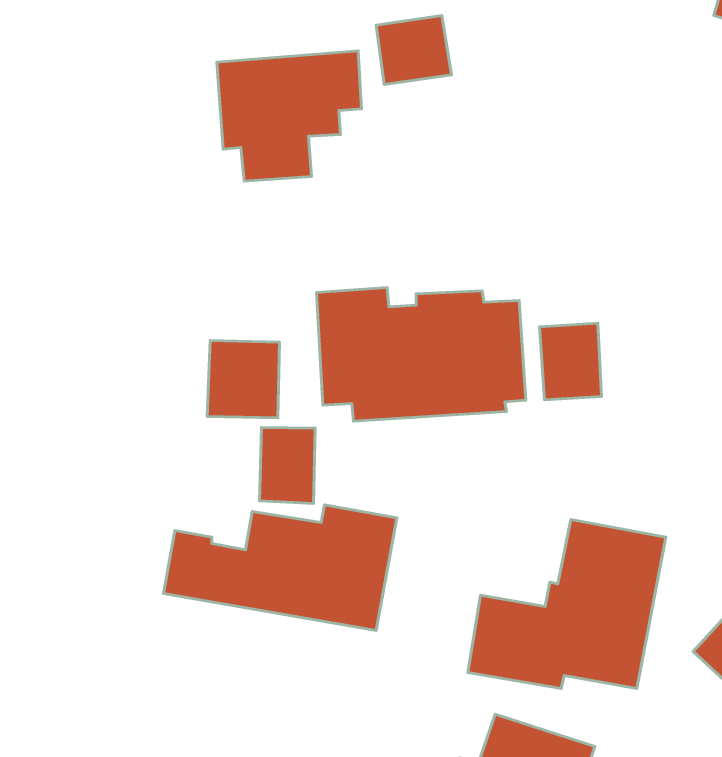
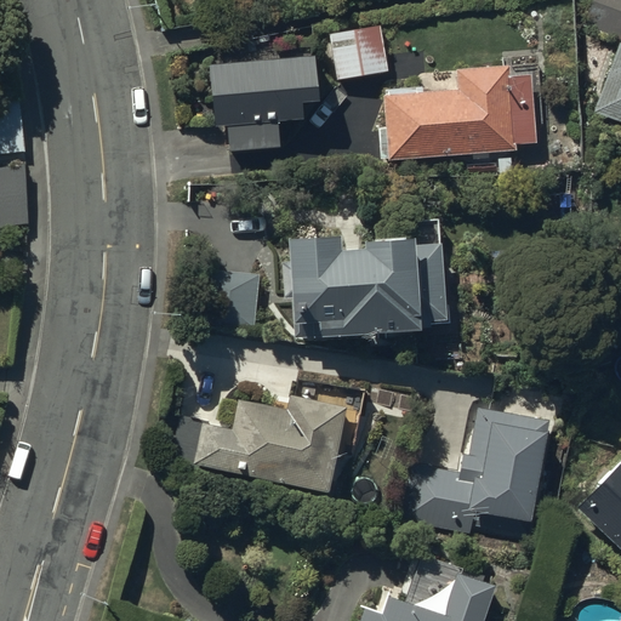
building: none -> [380,67,537,160]
building: [539,323,601,400] -> none
building: [260,427,315,503] -> none

